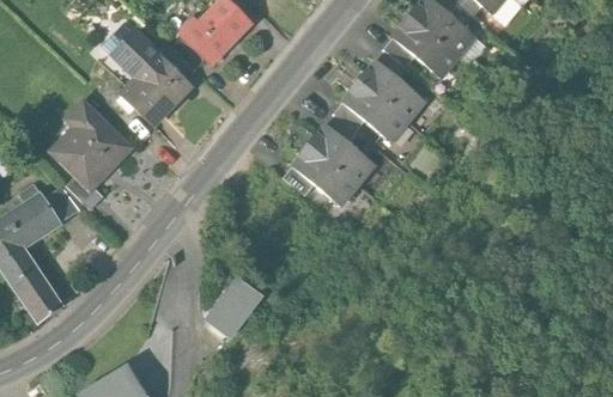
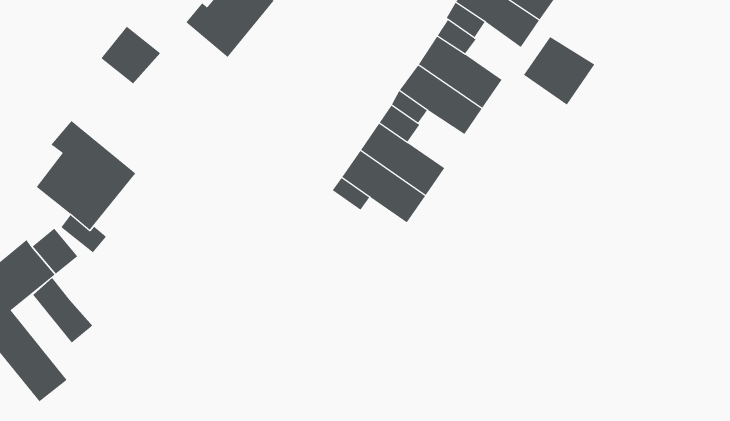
building: [120,55,193,127] -> none
building: none -> [523,36,595,105]
building: none -> [32,277,93,343]
building: [202,273,265,338] -> none

